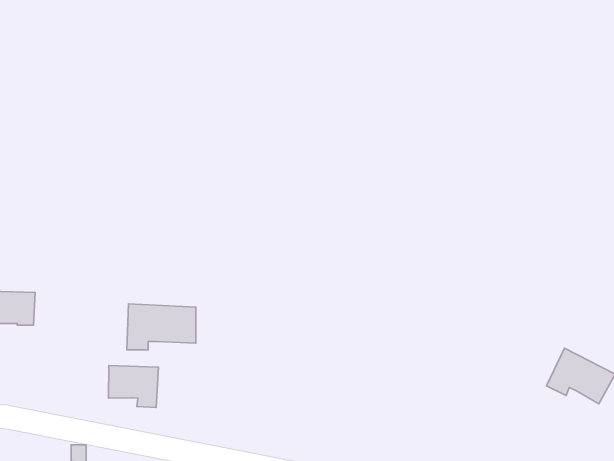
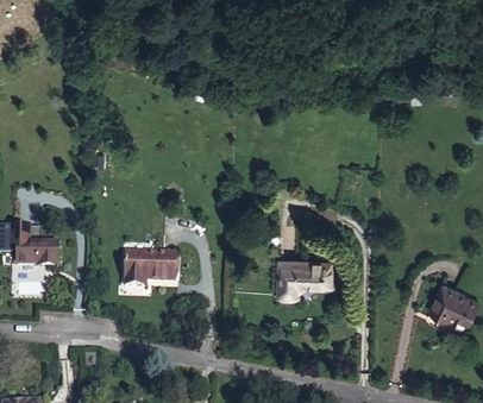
building: none -> [278,260,331,295]
building: [109,365,159,408] -> none

